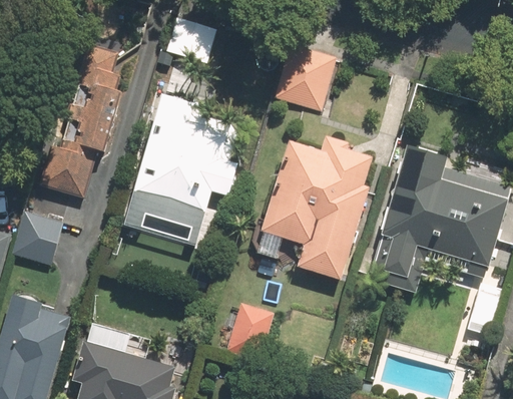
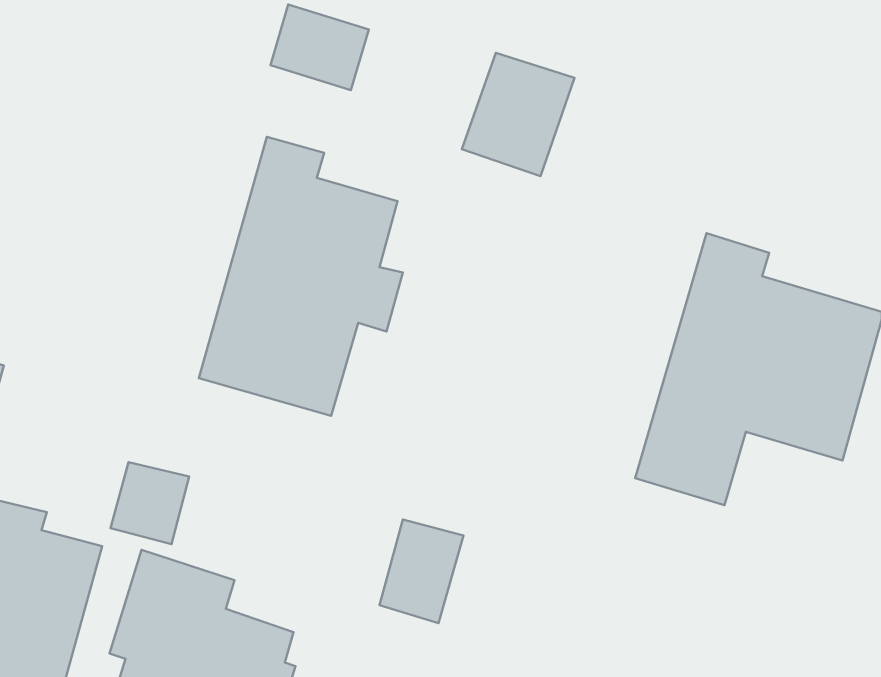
building: [43,46,119,195] -> none
building: [263,132,377,284] -> none
building: [17,224,61,270] -> [111,462,189,544]

